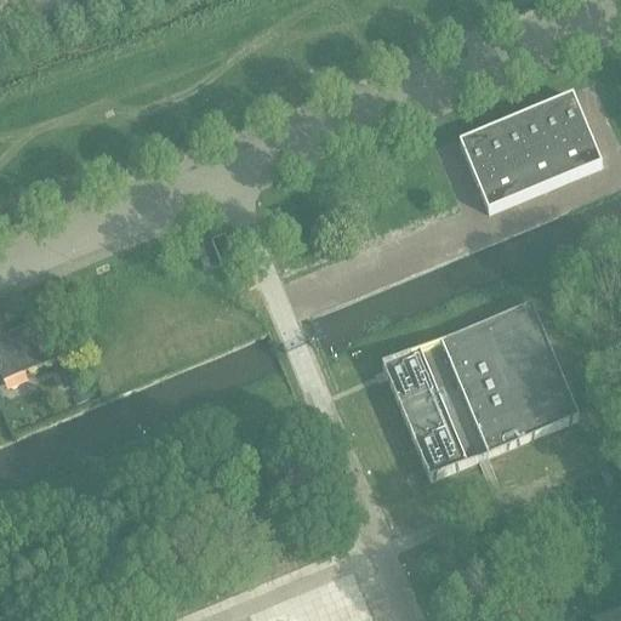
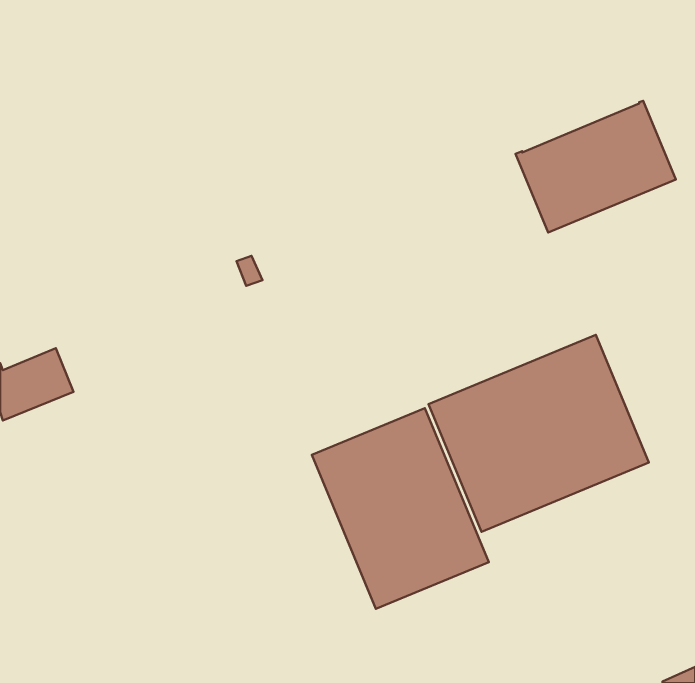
building: none -> [312,408,489,609]

